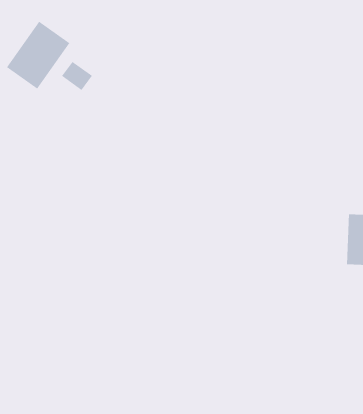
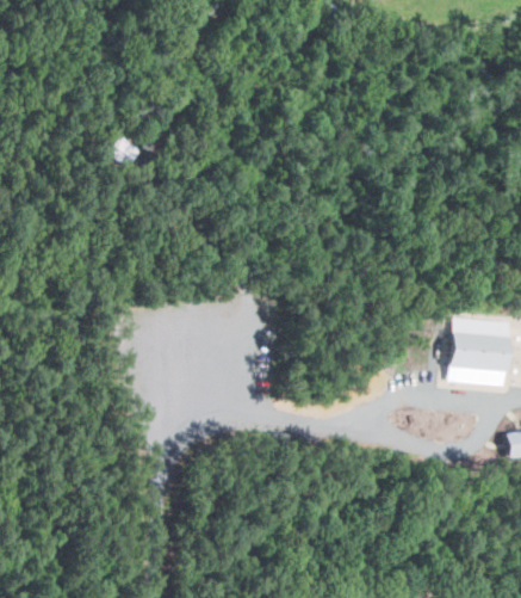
building: [6,21,70,90] -> none

